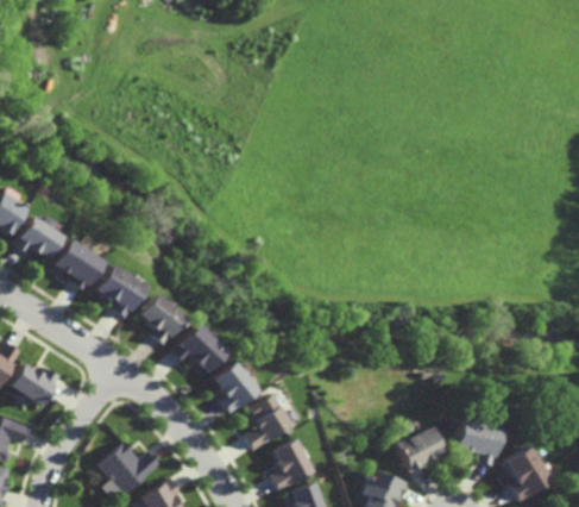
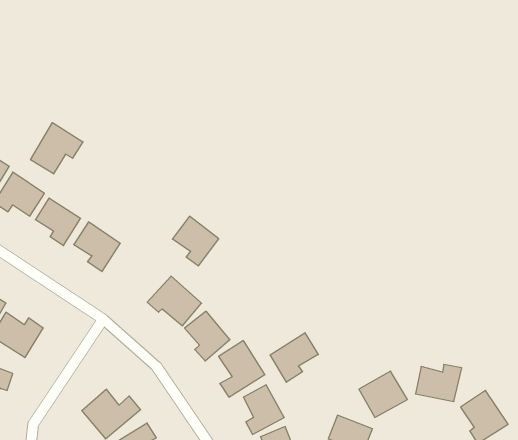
building: none -> [31,123,83,174]
building: [137,292,185,344] -> [172,216,219,266]
building: none -> [270,333,318,382]

